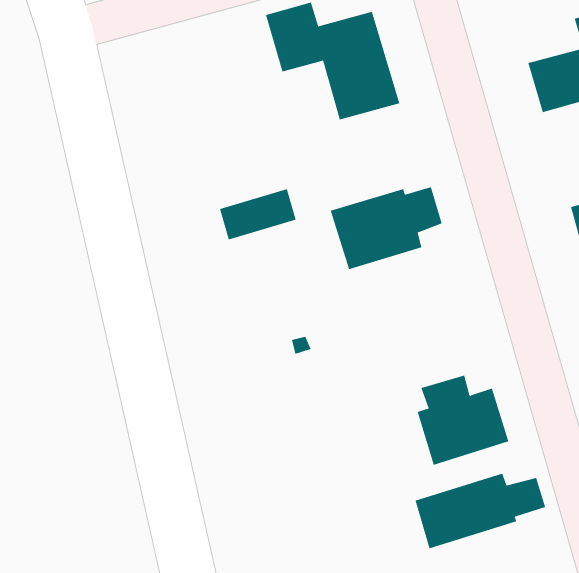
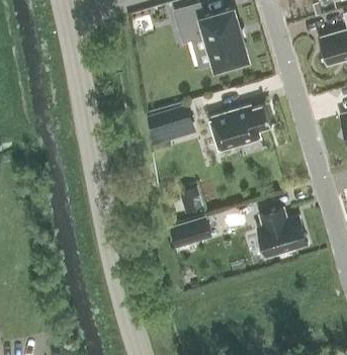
building: none -> [169,217,212,250]
building: [415,473,546,549] -> none

